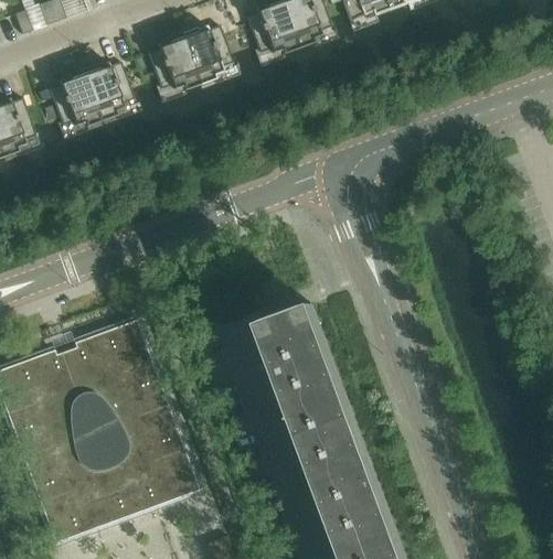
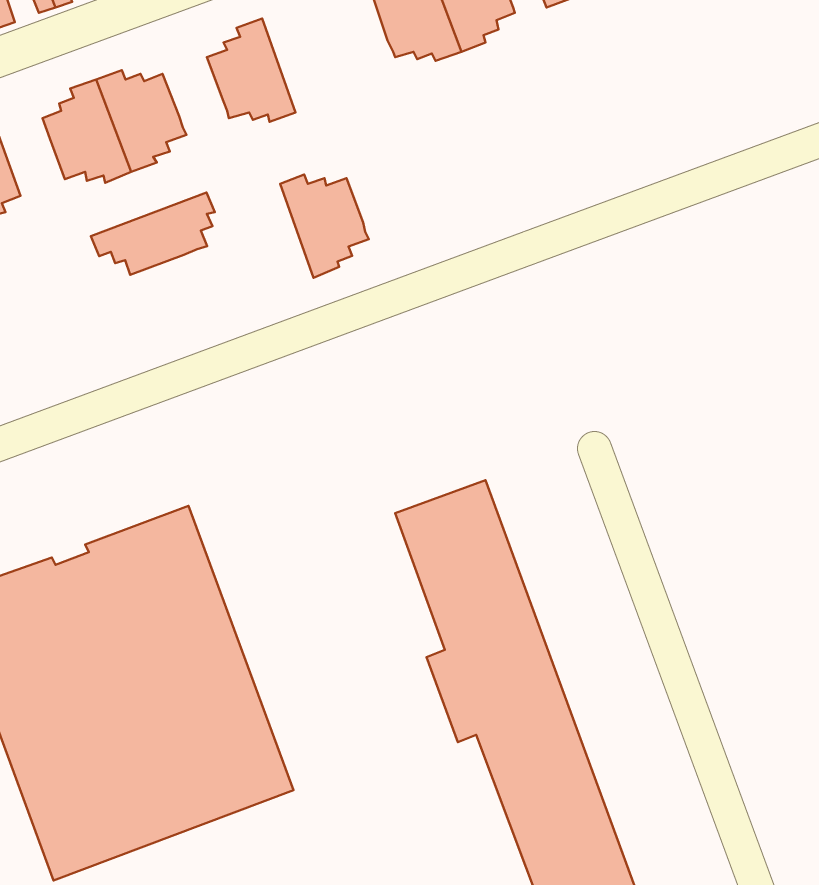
building: [173,24,226,86] -> [280,175,369,278]
building: none -> [91,192,215,275]

